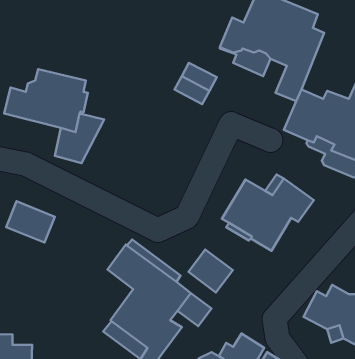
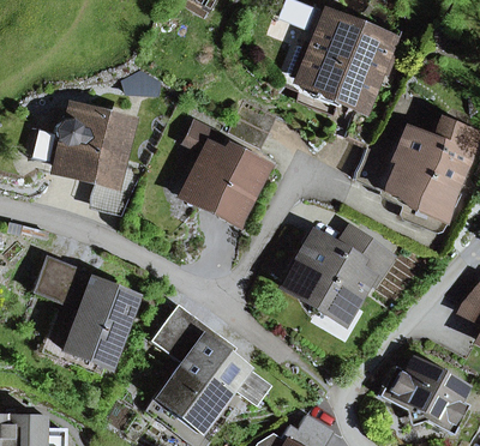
building: none -> [186,121,264,218]
building: none -> [64,278,134,364]
building: [188,249,233,293] -> none

